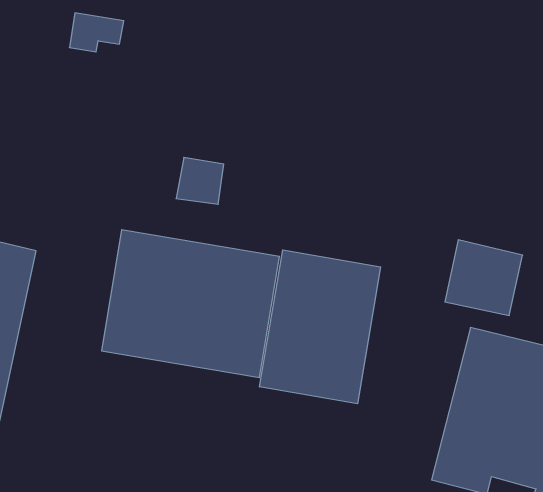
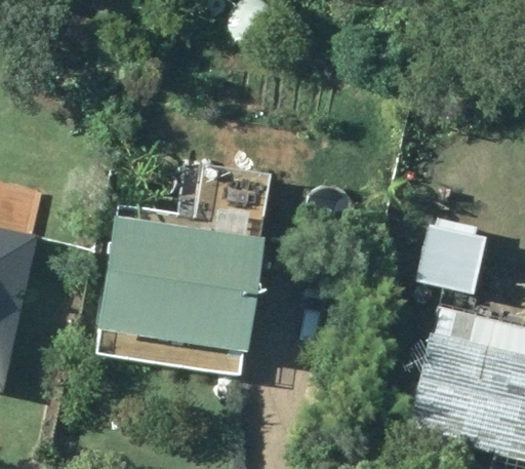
building: [260,250,381,404] -> none

